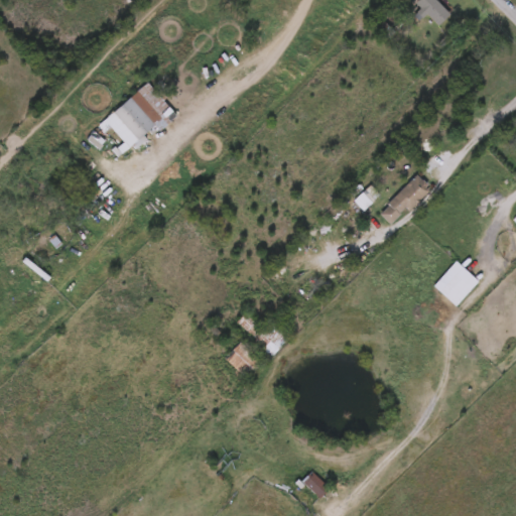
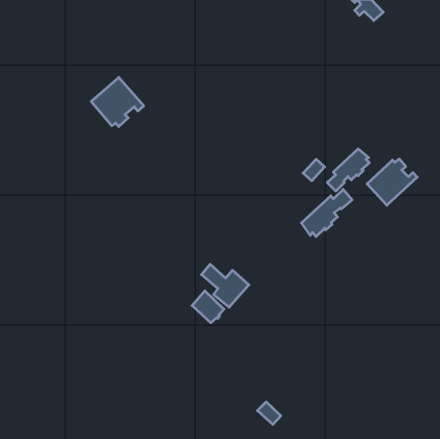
building: none -> [367,159,417,205]
building: none -> [301,189,352,237]
building: [432,260,477,305] -> none

